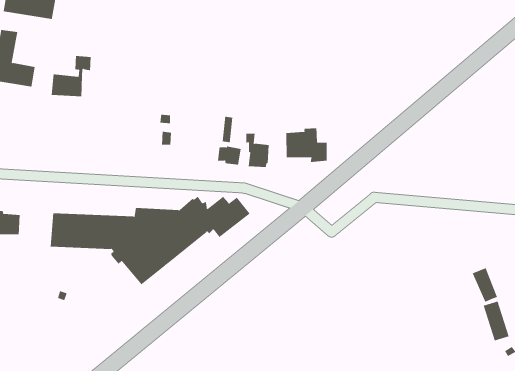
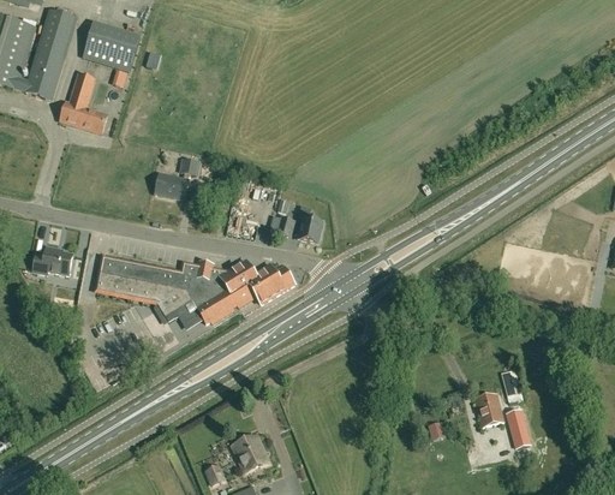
building: [51,56,91,97] -> [154,159,198,199]
building: [286,128,327,163] -> none
building: none -> [474,394,503,427]

